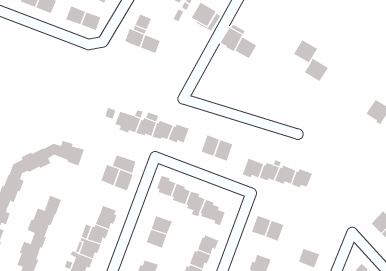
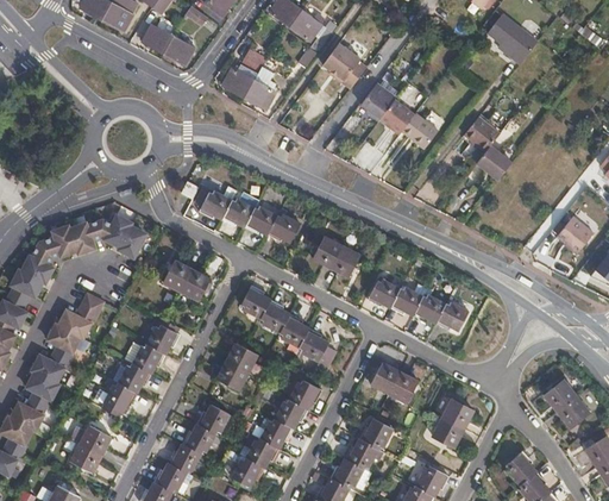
building: none -> [401,112,438,149]
building: [112,154,136,174] -> none
building: none -> [440,397,473,428]

